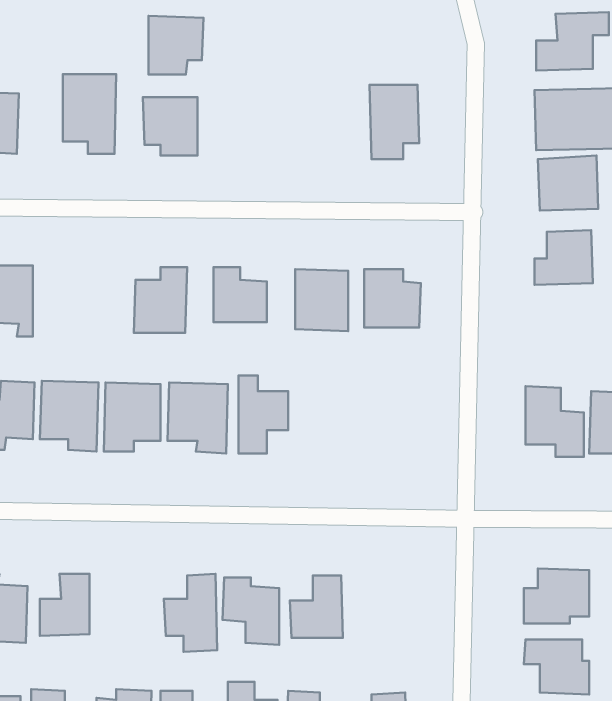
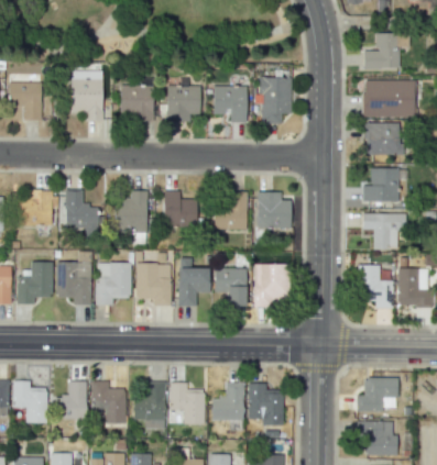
building: [149,16,204,74] -> [167,85,201,121]
building: none -> [214,85,247,122]
building: none -> [65,189,98,228]
building: none -> [363,212,406,250]
building: none -> [254,263,286,301]
building: none -> [215,267,247,306]
building: none -> [91,380,127,423]
building: none -> [248,383,284,424]

